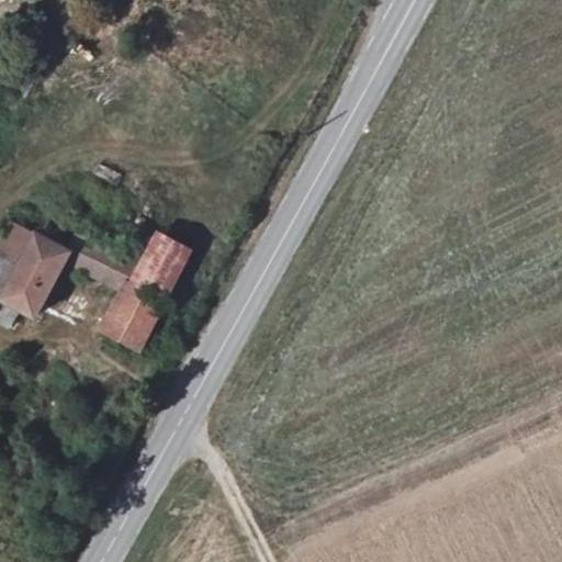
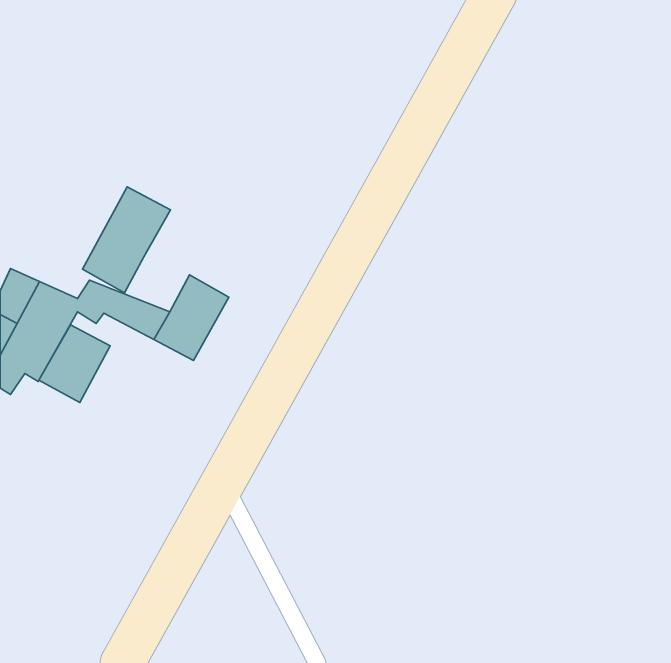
building: none -> [83,187,170,293]
building: [103,283,162,348] -> [39,325,110,402]

